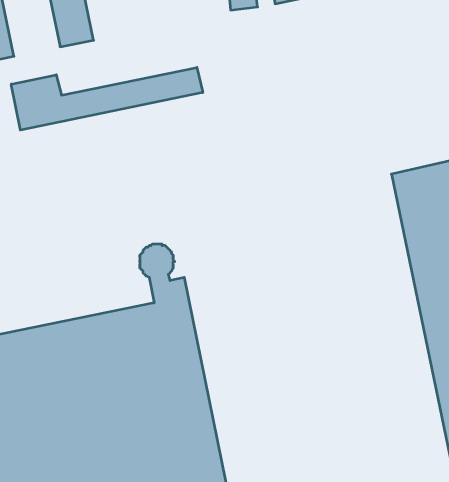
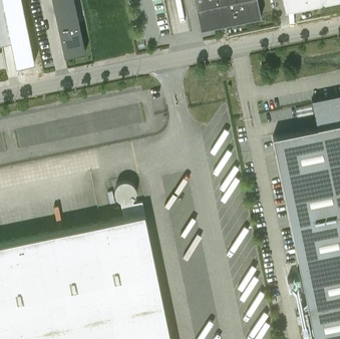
building: [11,67,203,130] -> none

